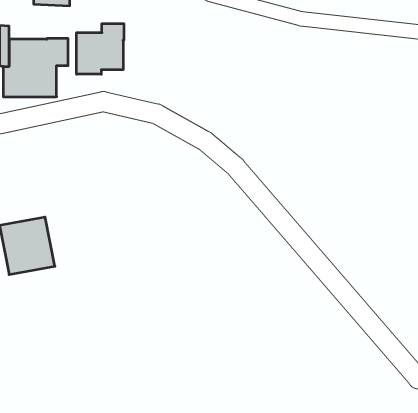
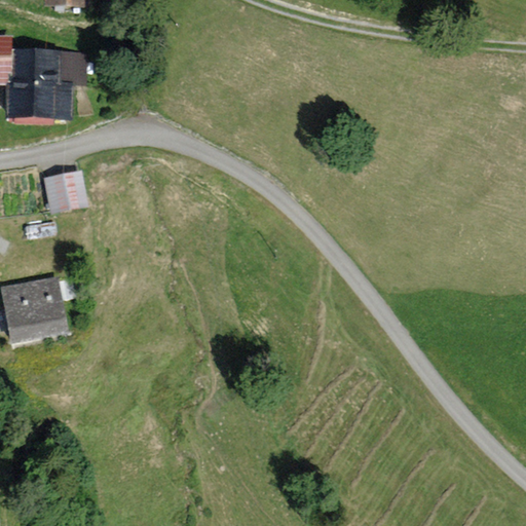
building: [77,24,124,74] -> none
building: none -> [42,167,88,216]

